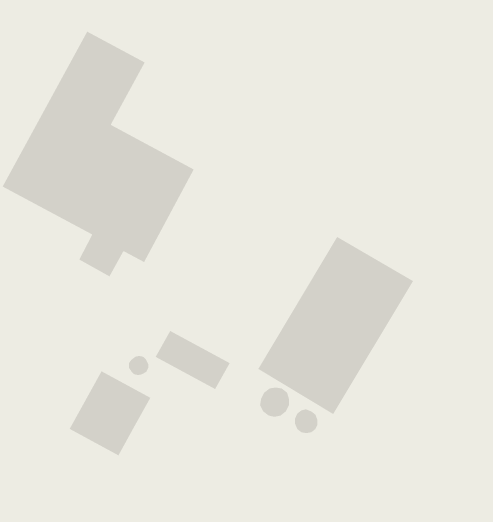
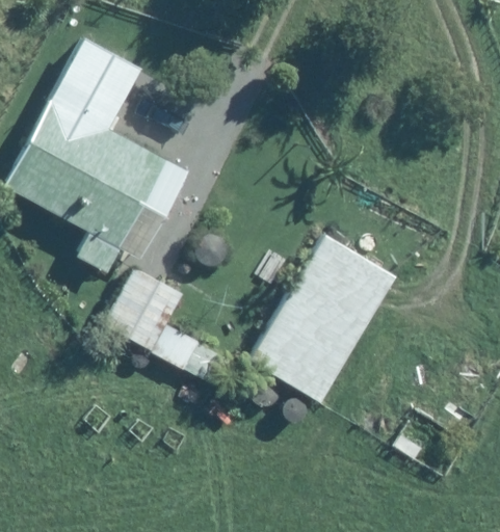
building: [68,370,151,457] -> [101,267,180,349]

